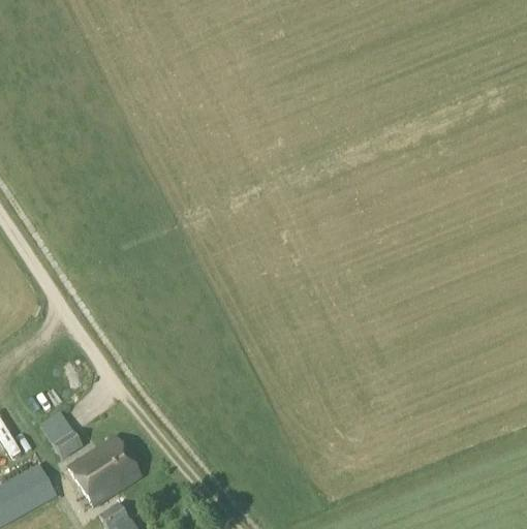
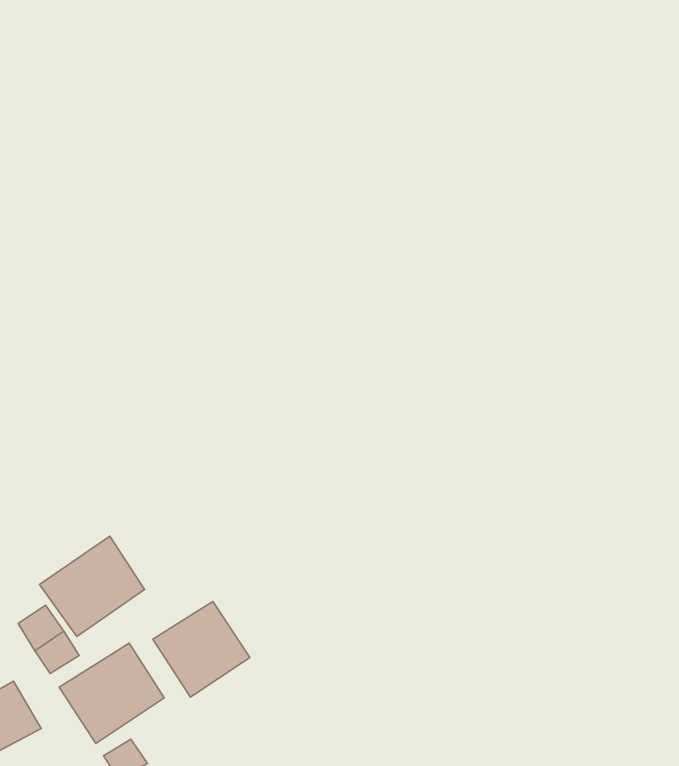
building: none -> [40,536,145,636]
building: none -> [153,601,250,697]

